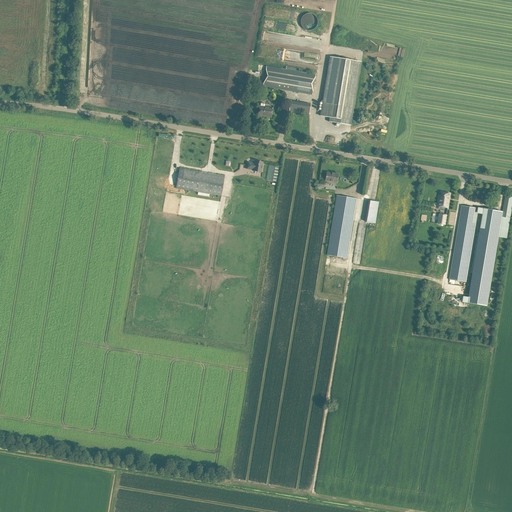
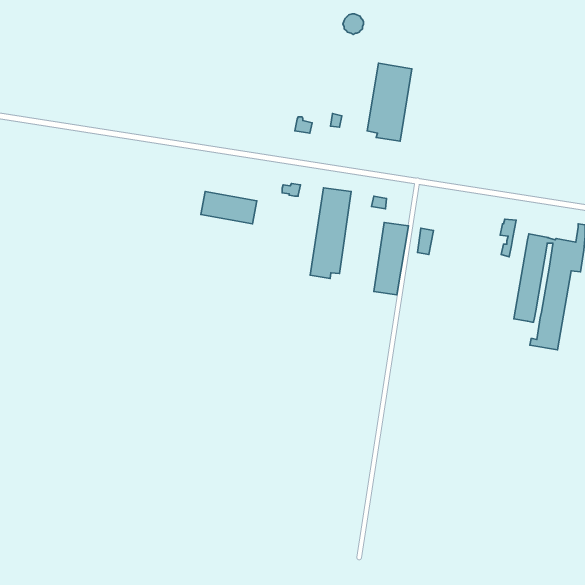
building: [262,63,315,94] -> none
building: none -> [310,188,351,279]

